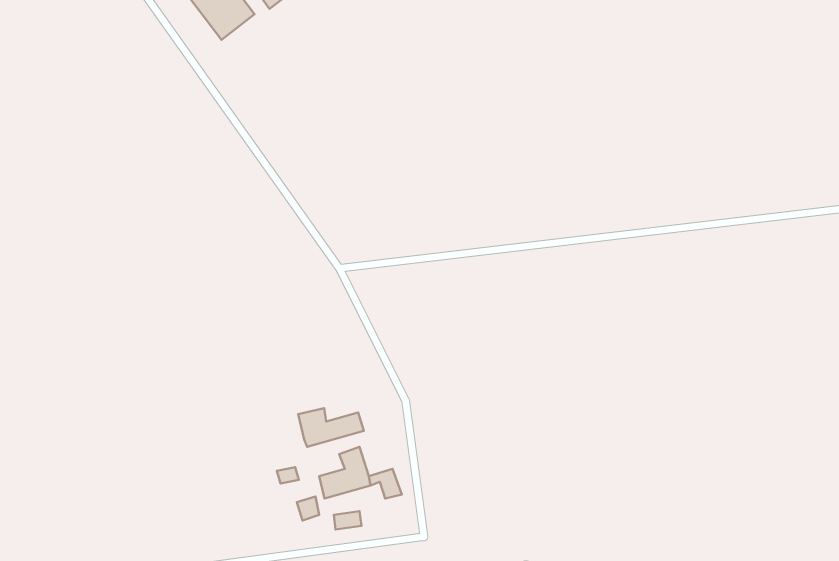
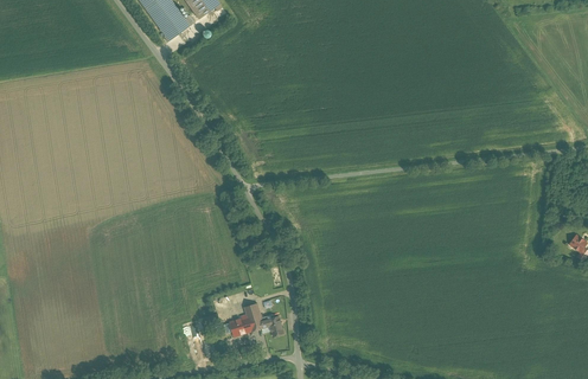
building: [298,408,364,447] -> none

